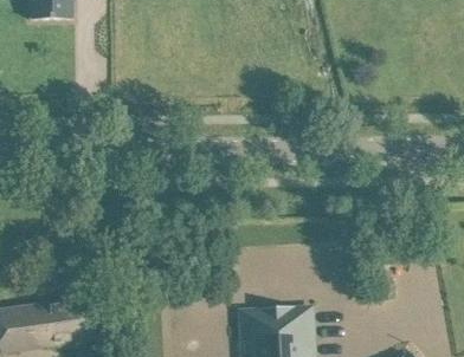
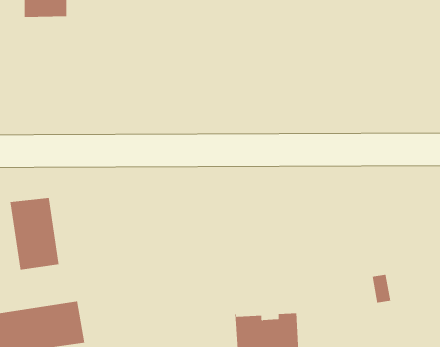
building: none -> [10,197,59,271]

